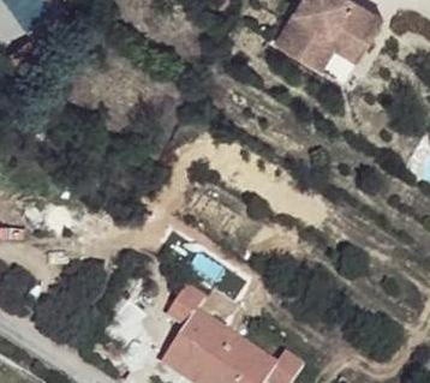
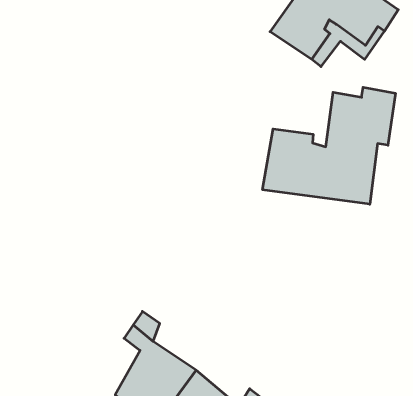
building: none -> [263,87,395,204]

